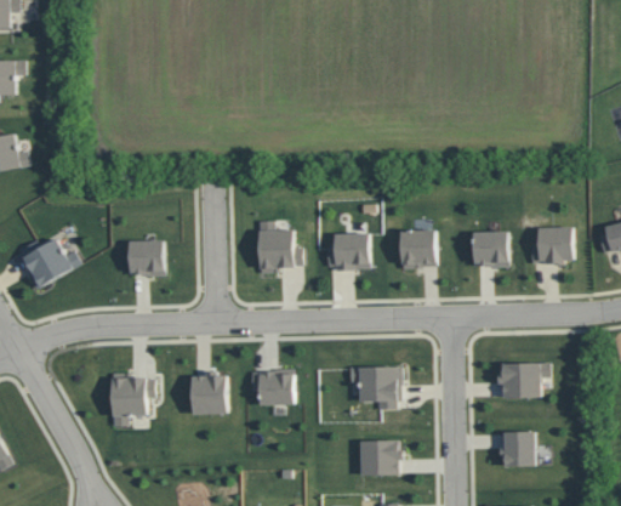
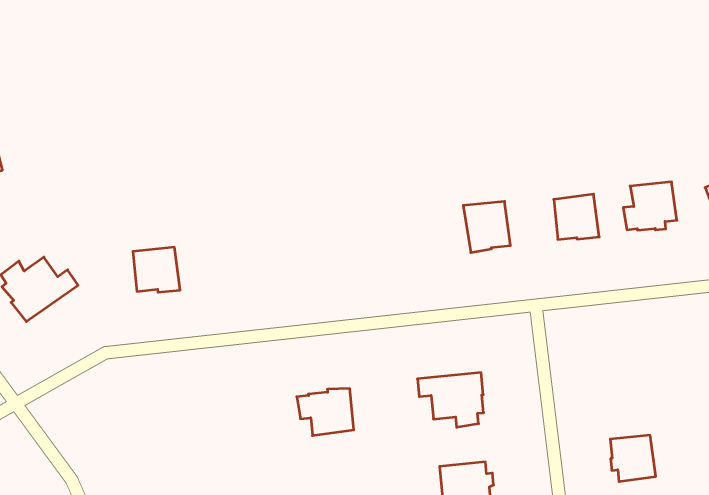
building: [257,221,301,274] -> none
building: [326,234,369,272] -> none
building: [496,363,548,398] -> none
building: [190,371,226,415] -> none
building: [110,374,153,426] -> none

